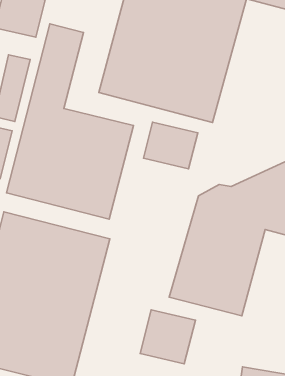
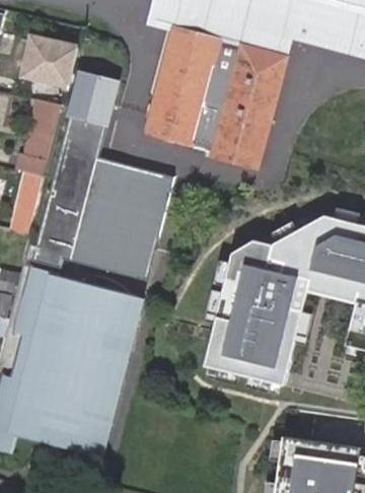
building: [143,122,198,169] -> none
building: [140,310,195,364] -> none

